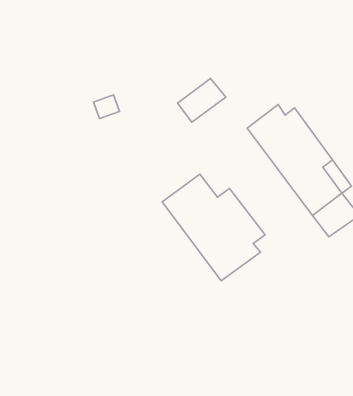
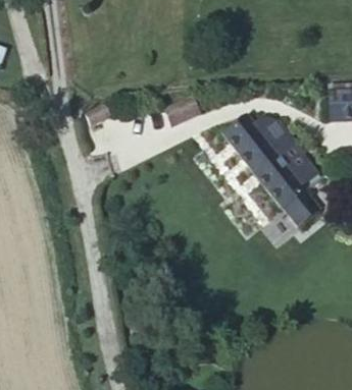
building: [162,174,265,281] -> none

